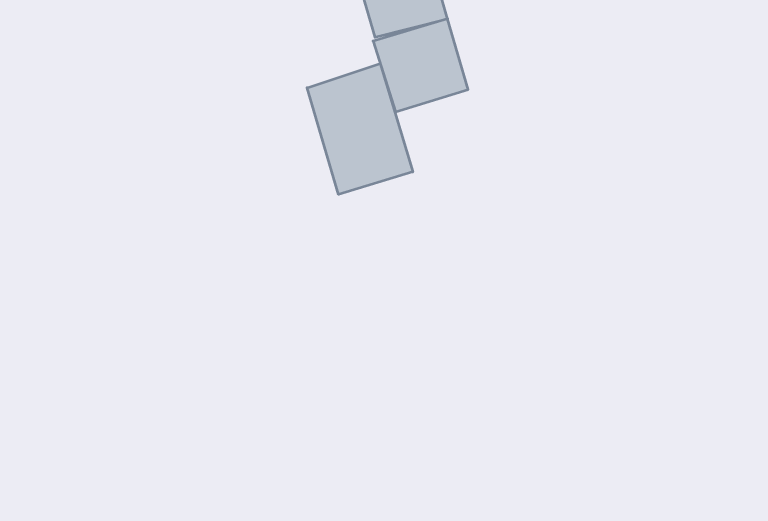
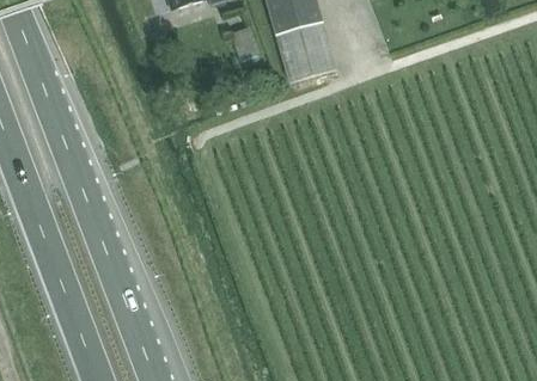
building: [307,63,413,194] -> none

